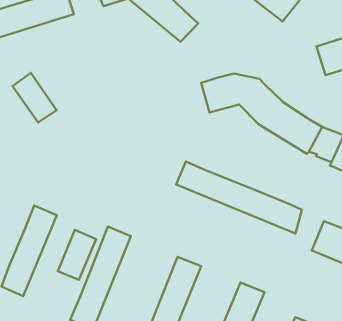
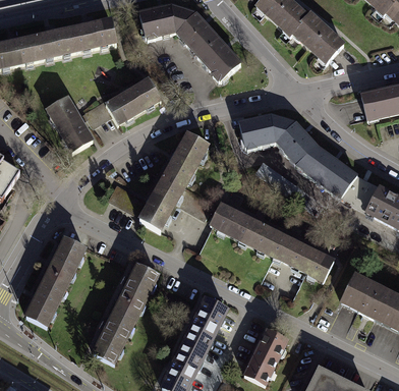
building: none -> [106,75,162,122]
building: none -> [132,129,209,232]
building: [58,230,96,280] -> none

